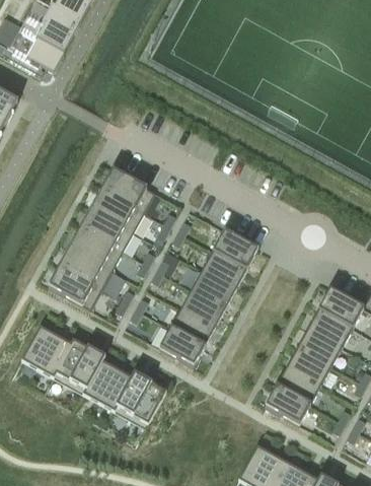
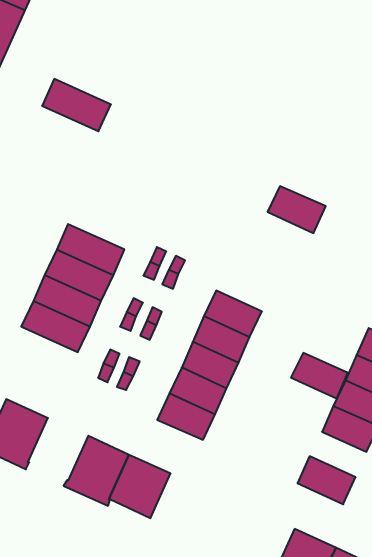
building: [101,169,155,213] -> [42,79,111,131]
building: [213,231,258,270] -> [268,186,326,233]
building: [48,267,101,310] -> none
building: [56,340,104,390] -> none
building: [276,367,320,405] -> [291,353,348,398]

